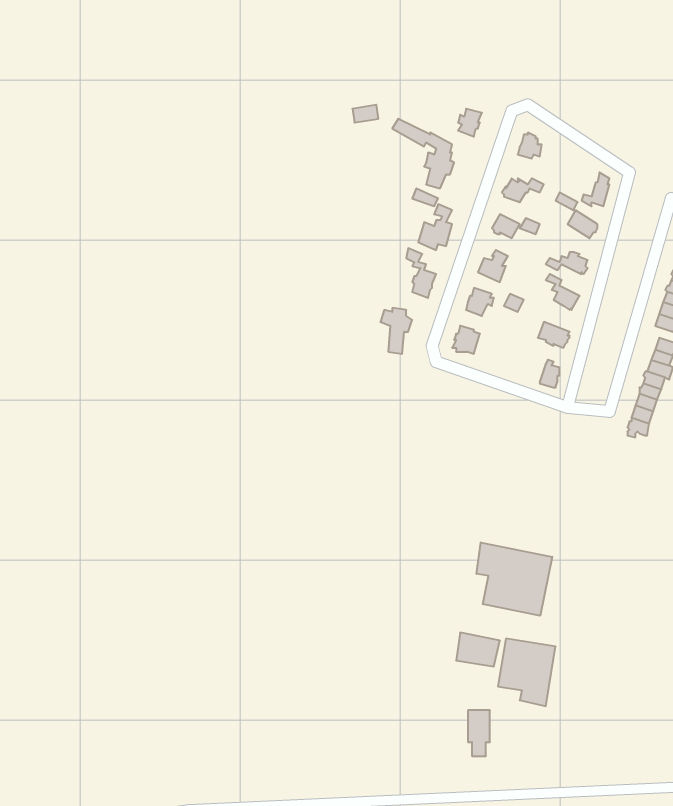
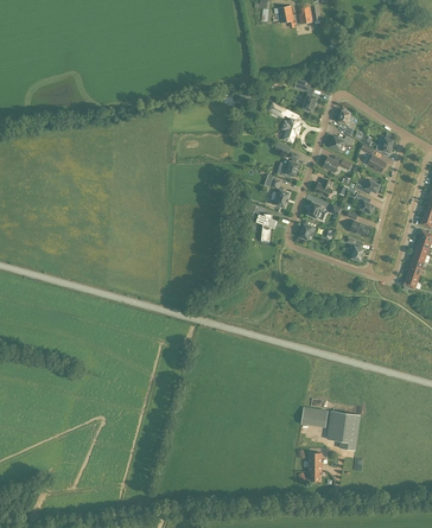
building: [477,542,552,616] -> none

